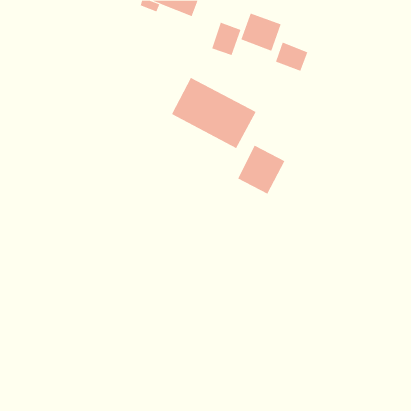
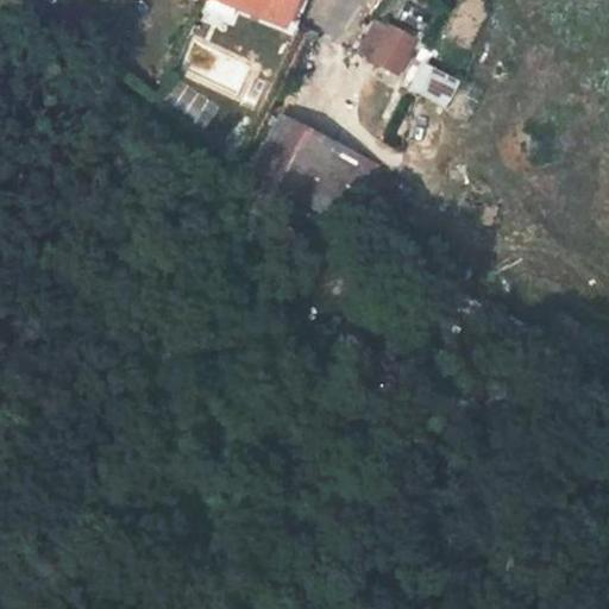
building: [212,22,241,56] -> none
building: [238,145,285,194] -> none

